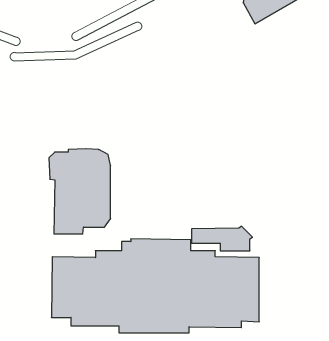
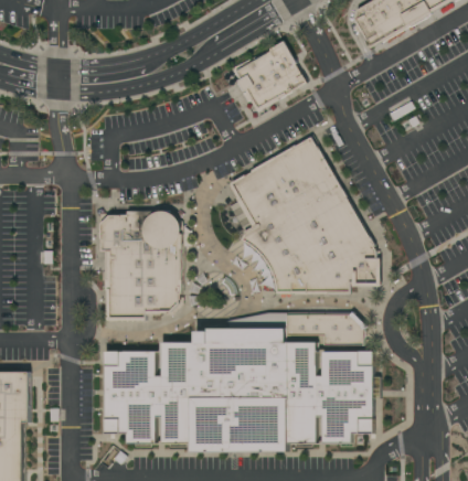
building: none -> [233,39,308,109]
building: none -> [227,136,381,292]

